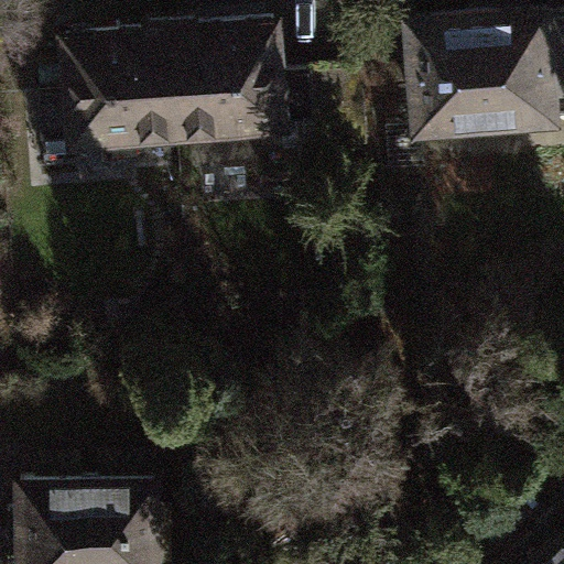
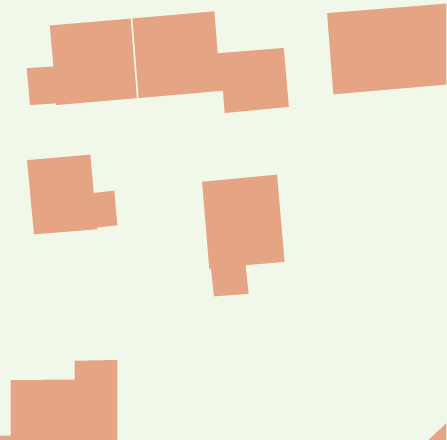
building: none -> [26,154,118,235]
building: none -> [201,174,285,297]

